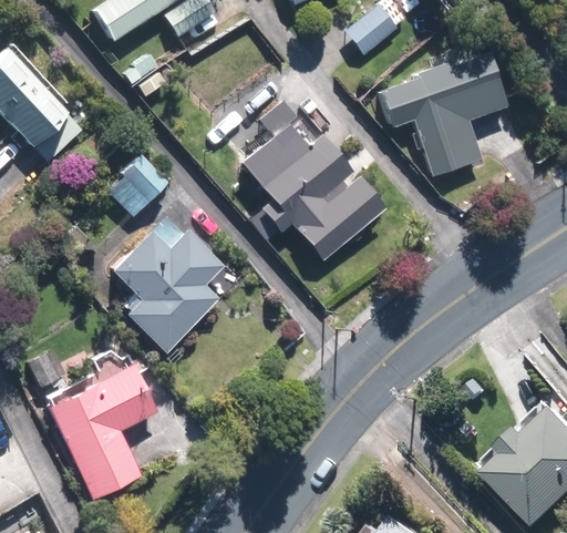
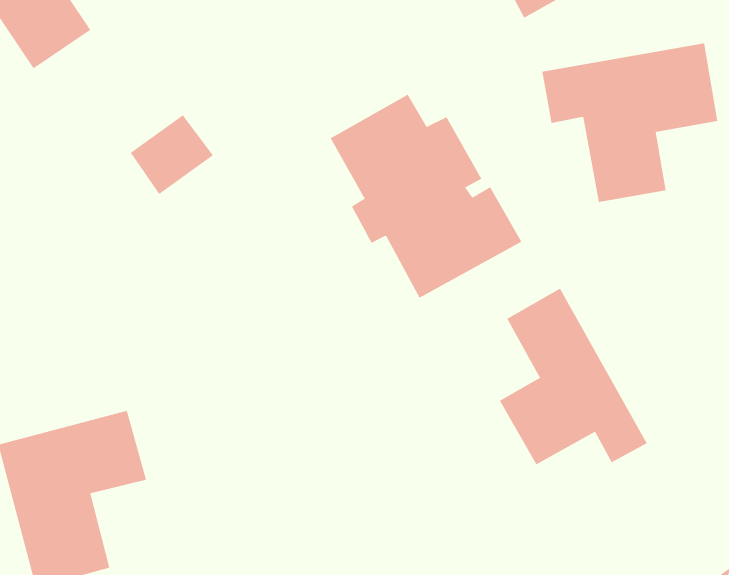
building: [113,216,223,351] -> none
building: none -> [499,288,648,465]

